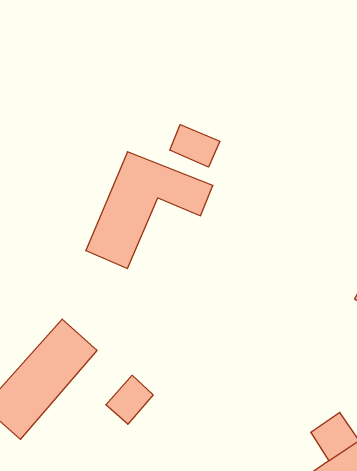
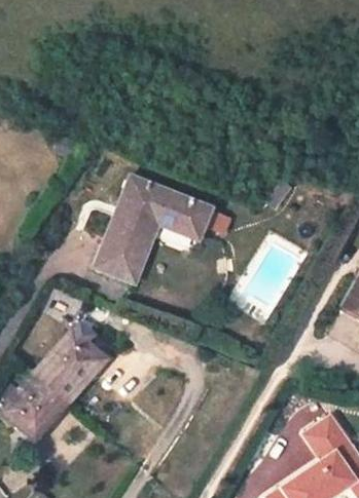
building: [170,125,220,167] -> none
building: [106,375,153,424] -> none

